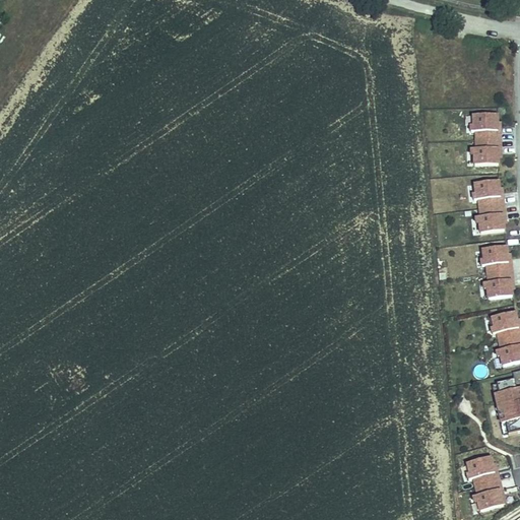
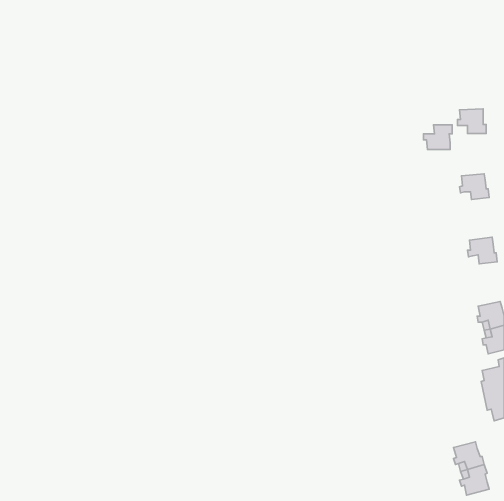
building: [470,137,500,162] -> [424,125,452,150]
building: [475,203,504,231] -> none
building: [483,269,512,297] -> none

